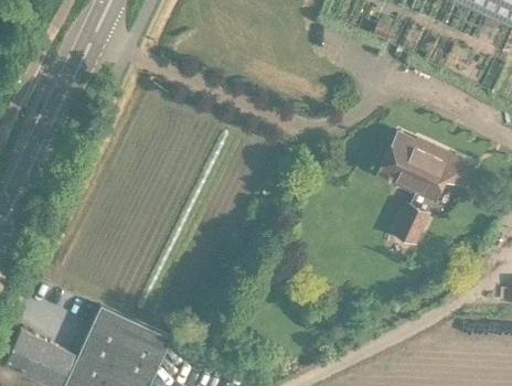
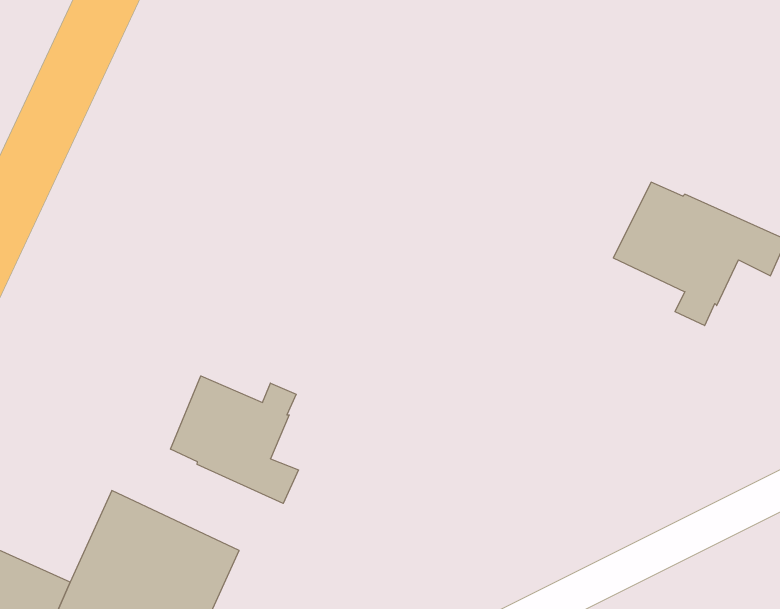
building: [395,204,429,244] -> none
building: none -> [171,376,299,503]

